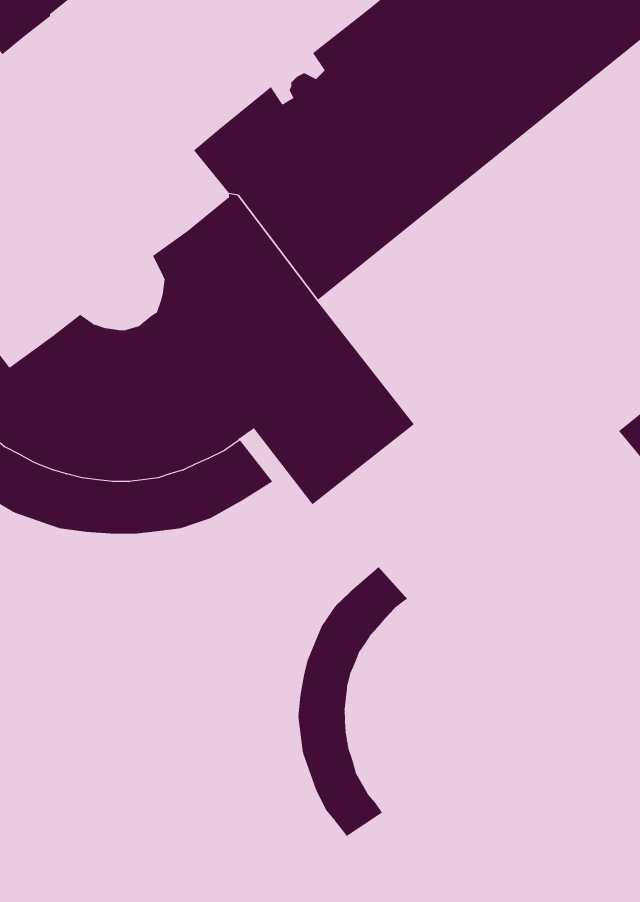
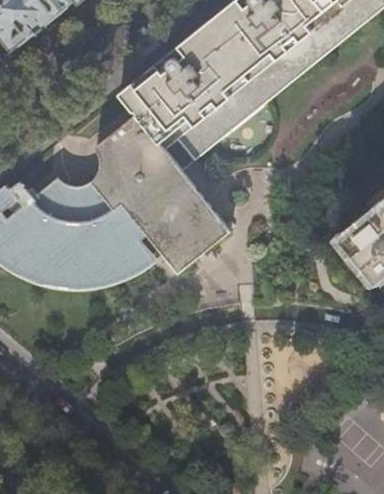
building: [298,566,408,837] -> none

